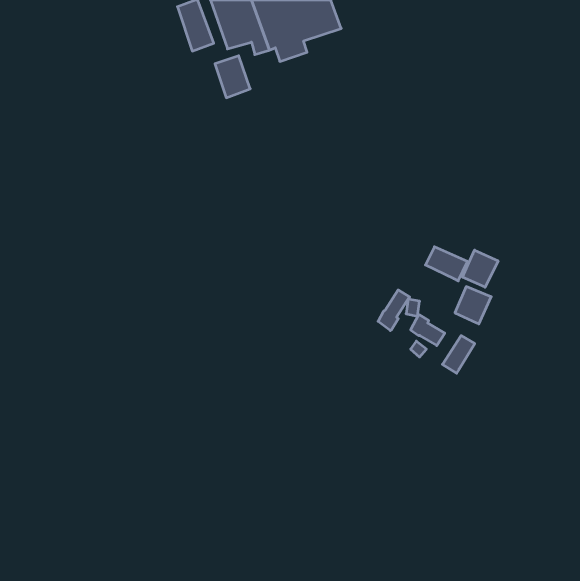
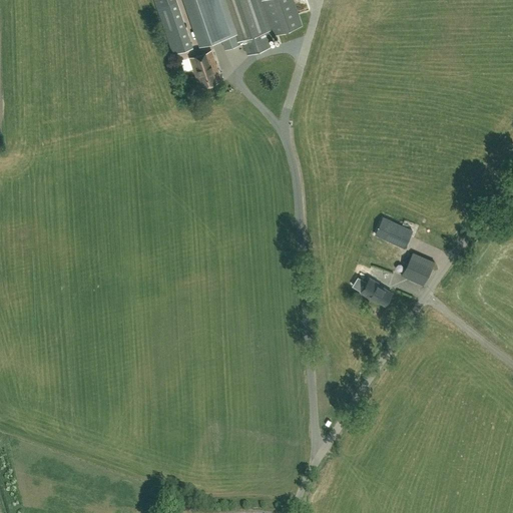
building: [463,250,498,287] -> none
building: [378,290,410,331] -> none
building: [442,336,475,373] -> none

